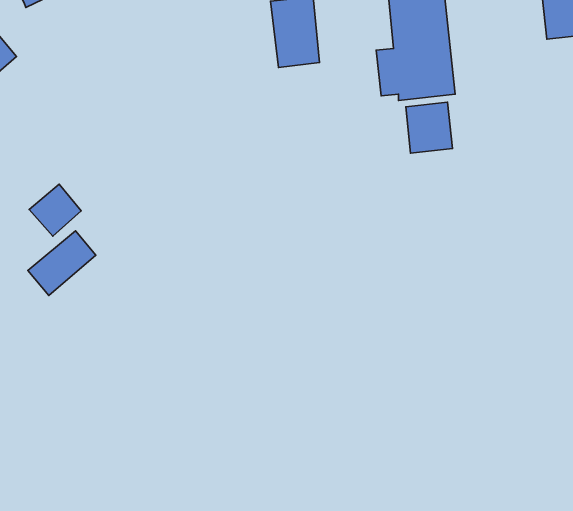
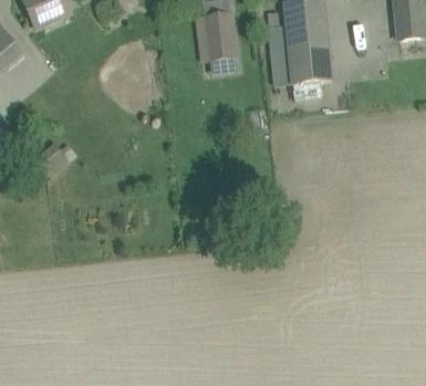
building: [406,102,452,153] -> none
building: [28,231,96,295] -> none

